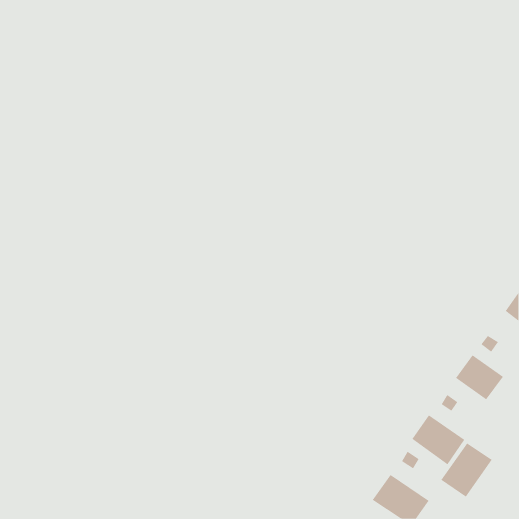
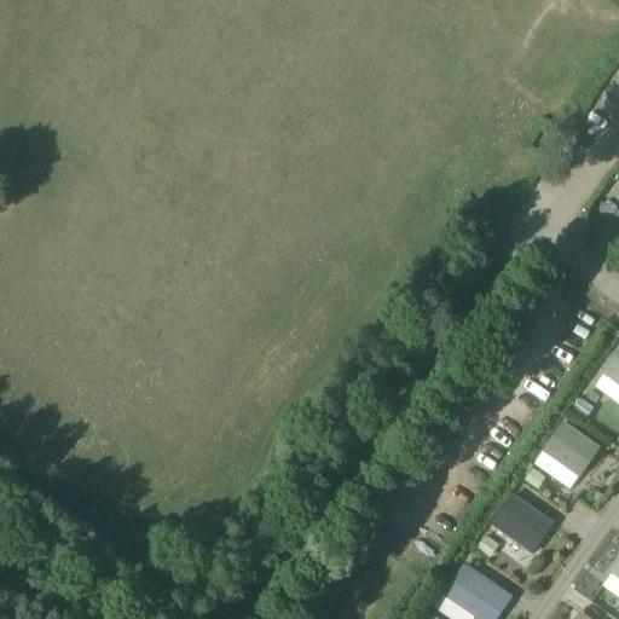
building: [440,442,493,497] -> none

